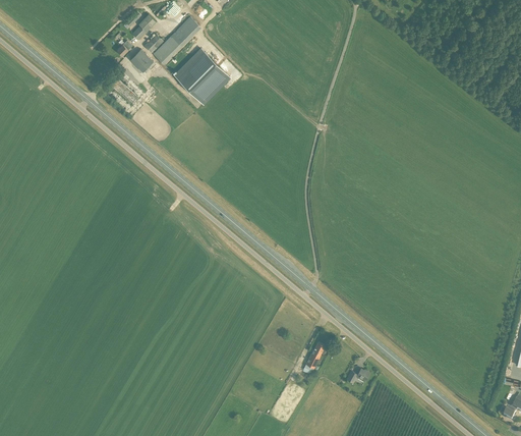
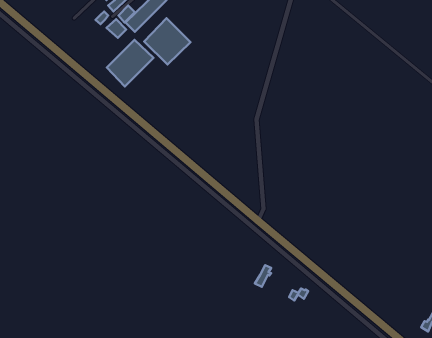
building: none -> [107,40,154,87]

